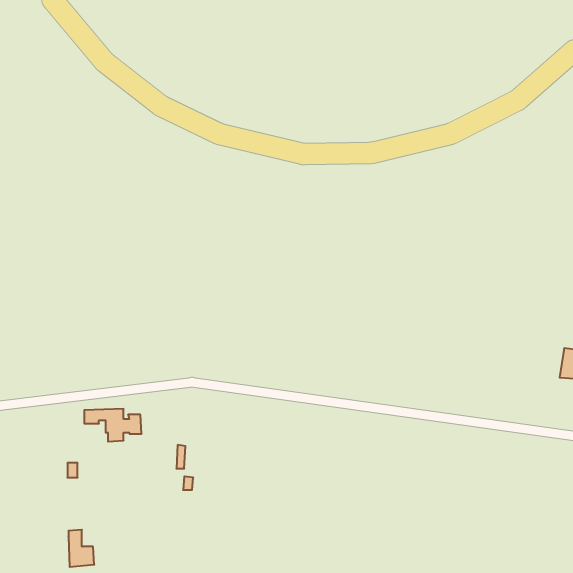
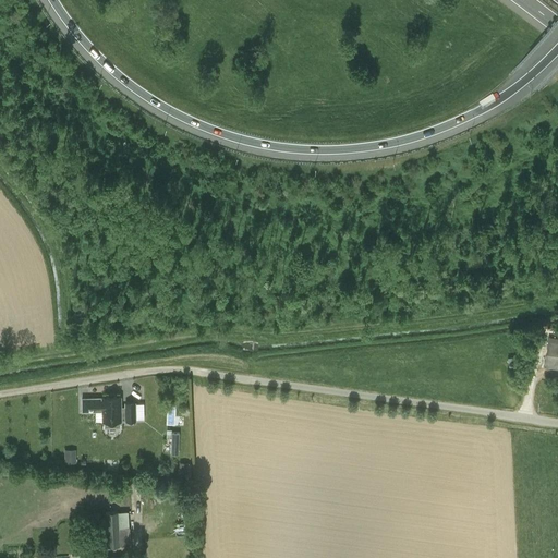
building: [68,530,94,567] -> [107,512,132,548]

